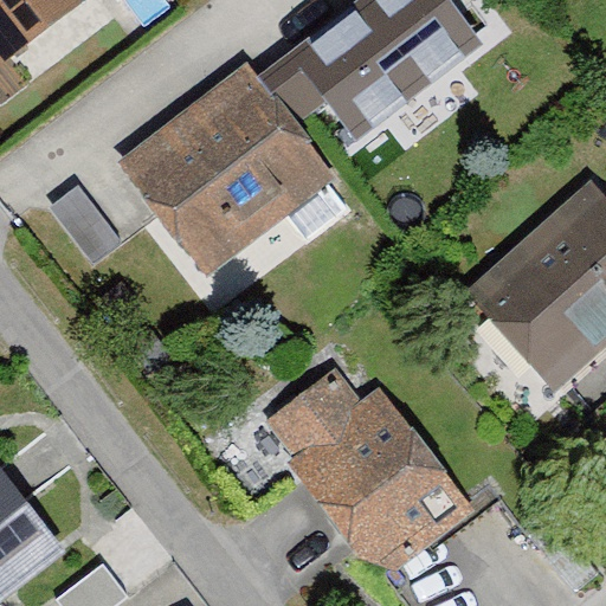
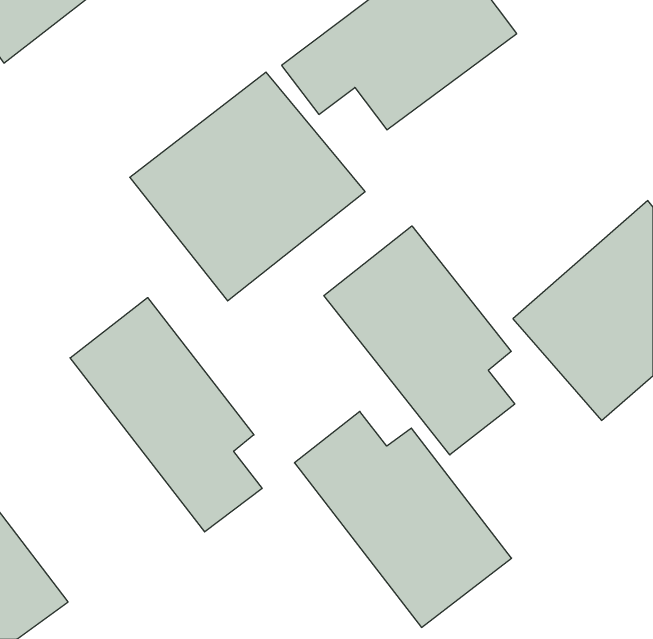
building: none -> [324,226,515,455]
building: none -> [70,298,262,532]

